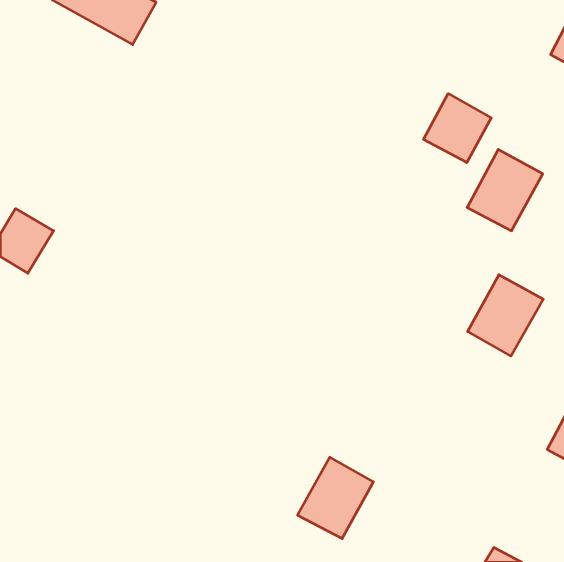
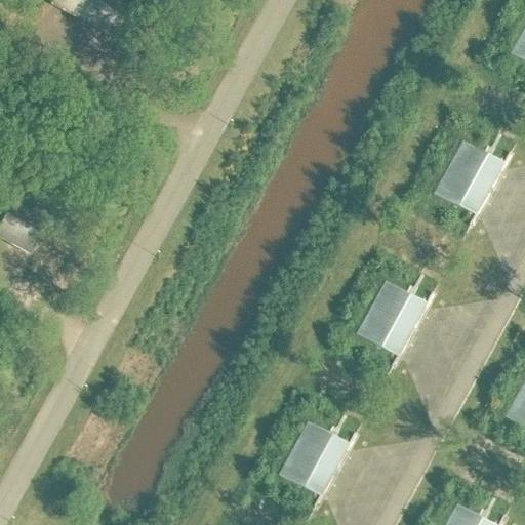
building: [424,94,491,163] -> none
building: [468,275,543,356] -> [358,278,428,353]

